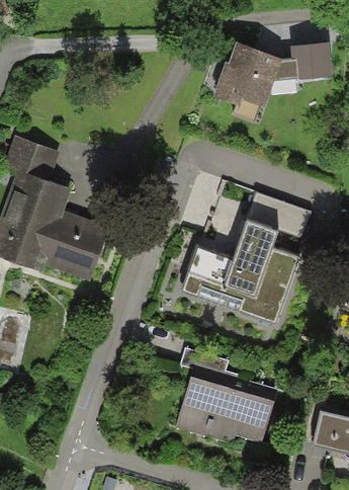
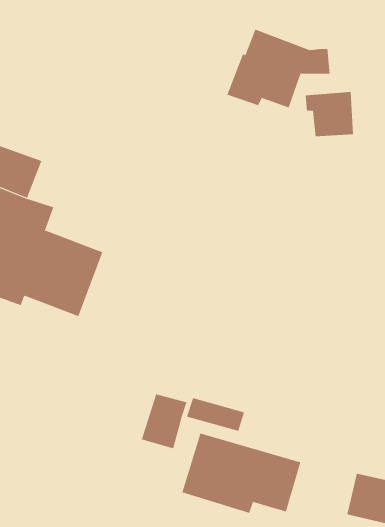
building: [291,42,332,79] -> [305,92,354,137]
building: [181,191,311,326] -> none
building: none -> [141,393,187,449]

